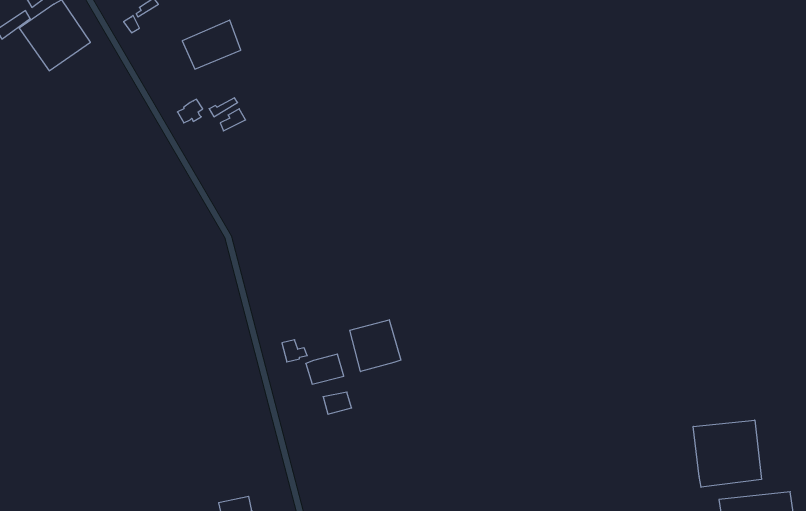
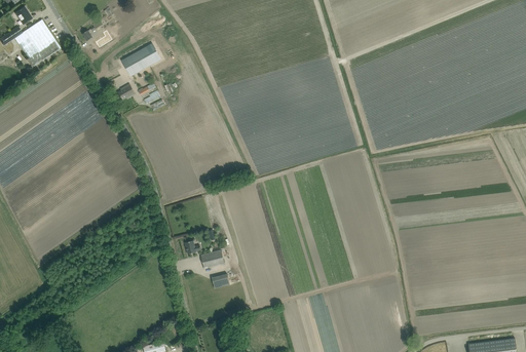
building: [350,320,401,372] -> none
building: [693,420,761,487] -> none

